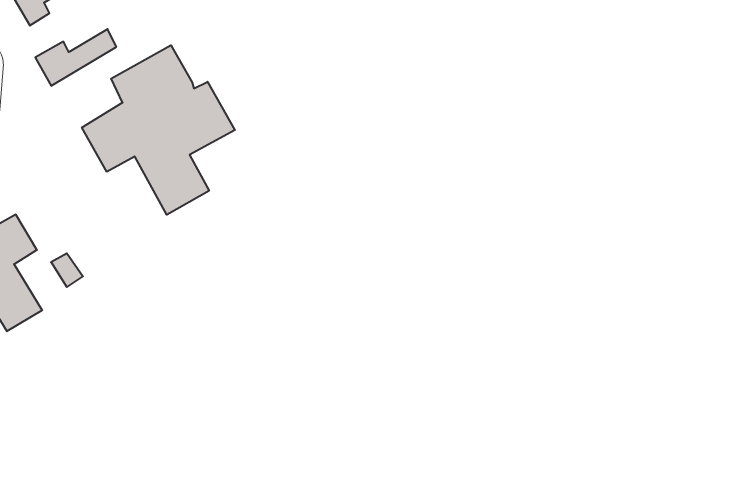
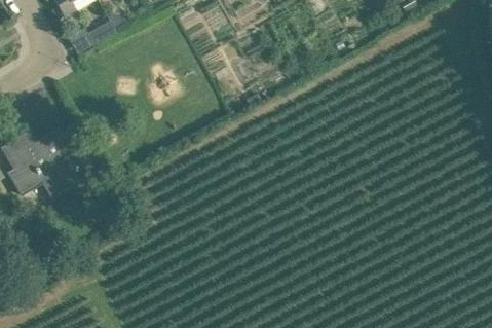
building: [82,45,235,215] -> none

